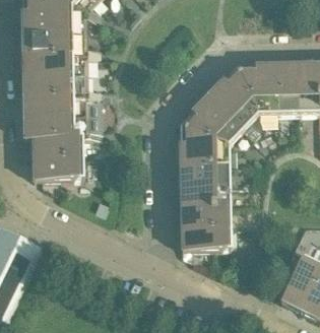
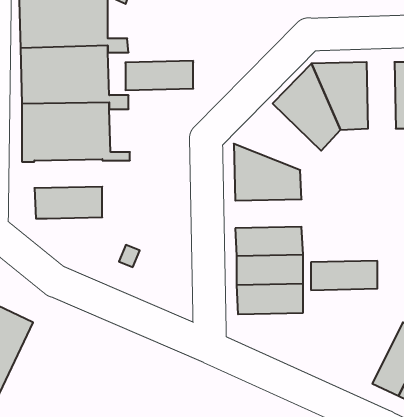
building: [276,63,298,112] -> none
building: [179,93,243,142] -> none
building: [33,134,82,155] -> [125,61,193,90]
building: [180,163,229,185] -> [311,261,377,290]

